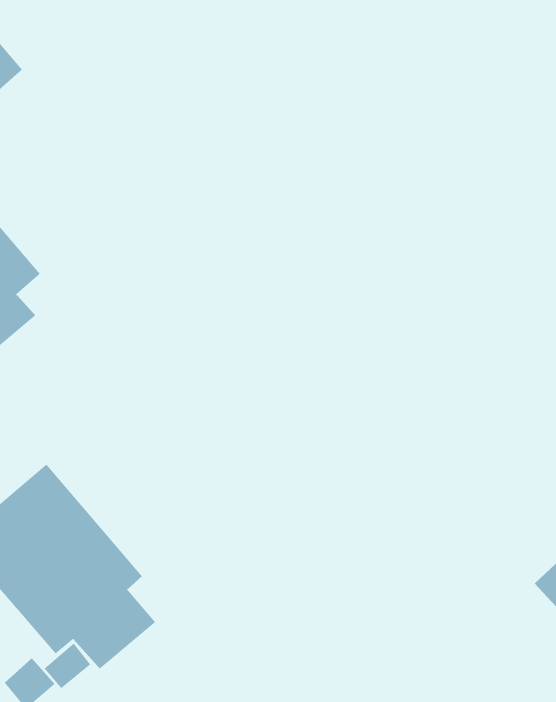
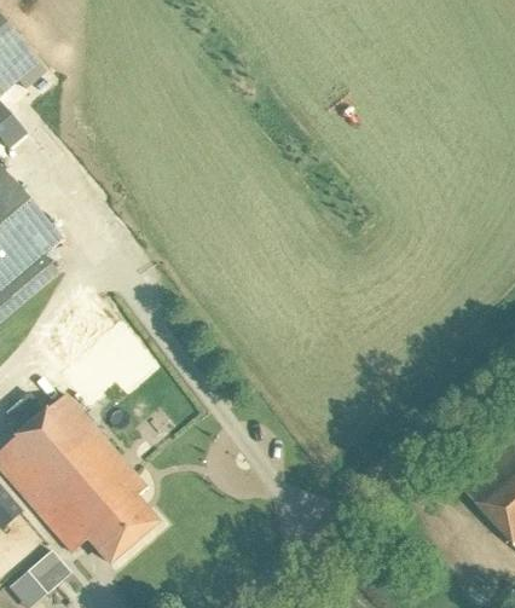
building: [43,643,91,689] -> none

